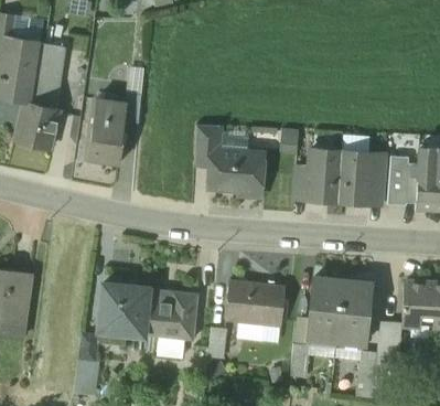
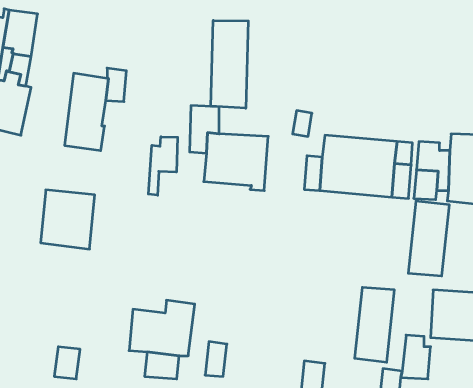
building: none -> [211,20,248,108]
building: none -> [148,137,178,195]
building: [308,277,343,341] -> [408,201,449,276]
building: [225,280,286,325] -> none
building: [101,284,148,334] -> [41,190,95,249]

